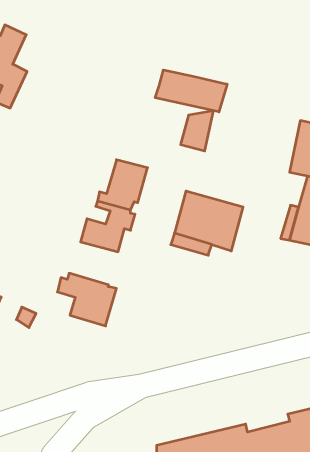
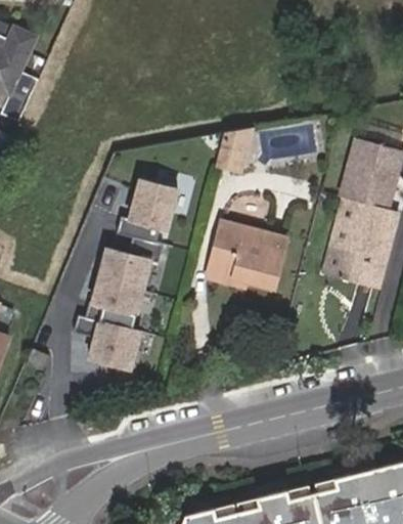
building: [155,70,227,112] -> none
building: none -> [86,278,142,328]

